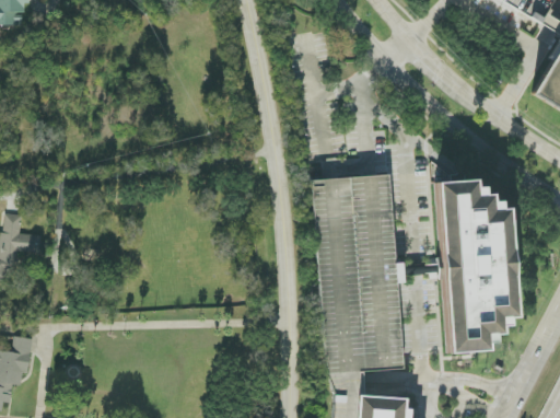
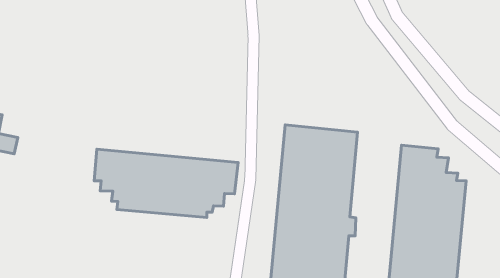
building: none -> [94,149,238,218]

